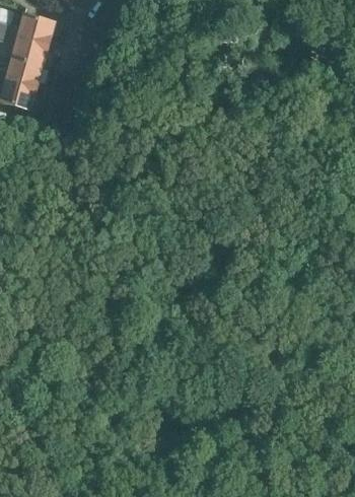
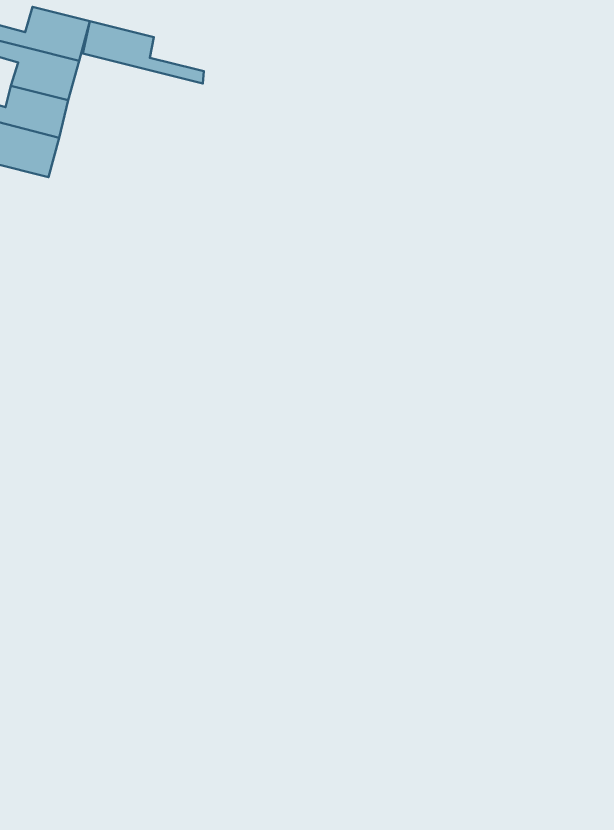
building: none -> [83,21,204,83]

